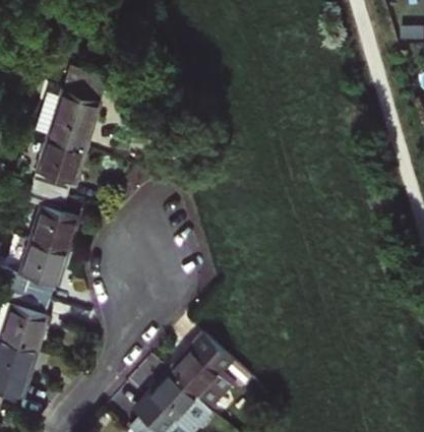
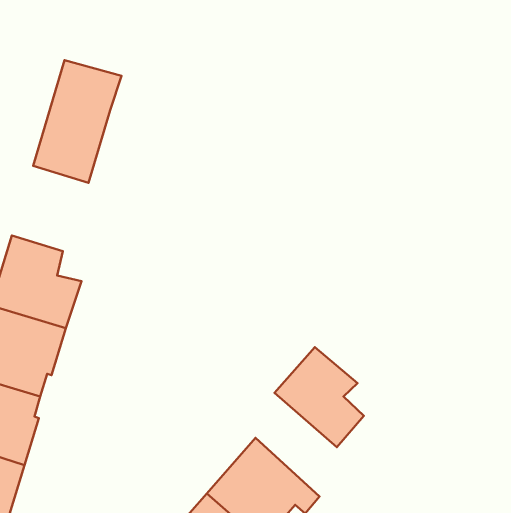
building: [27,143,82,204] -> none
building: none -> [274,347,364,447]

